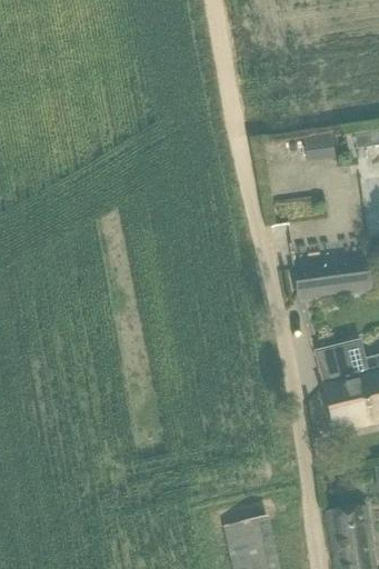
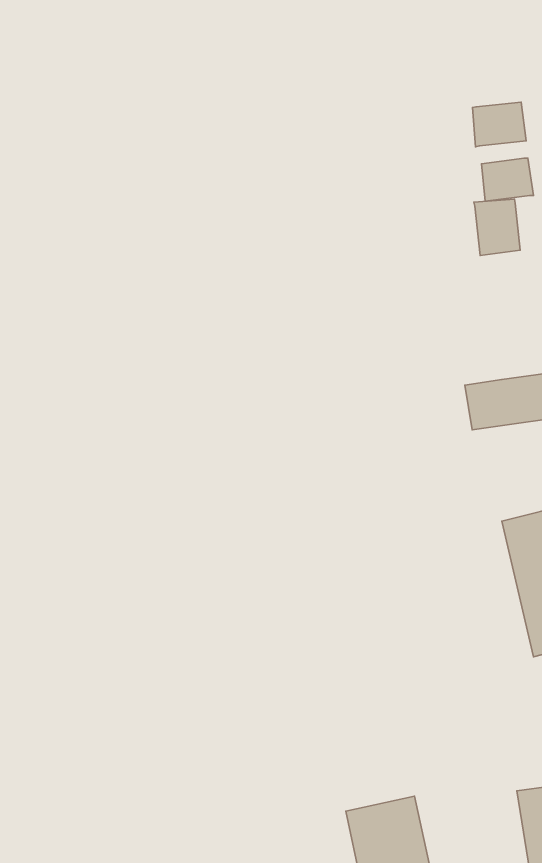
building: none -> [472,102,526,147]
building: none -> [474,199,520,255]

